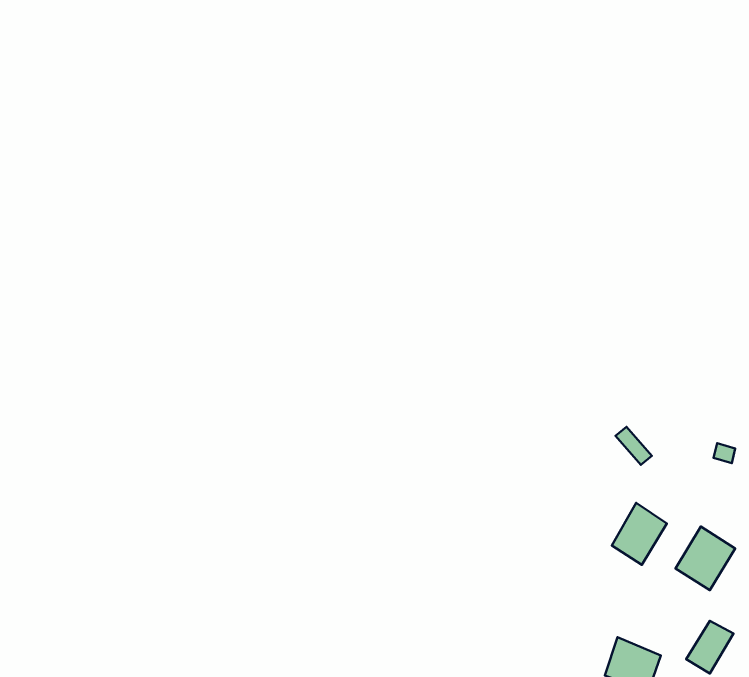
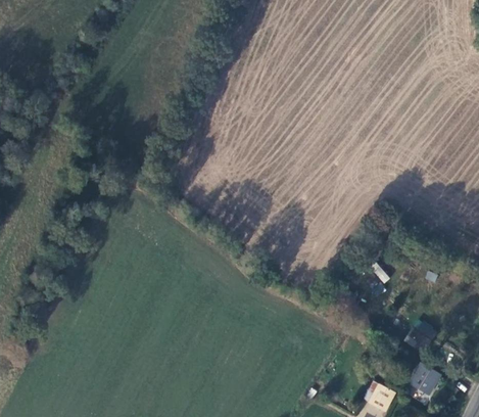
building: [612,503,667,565] -> none

